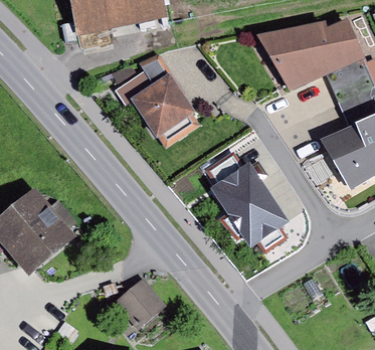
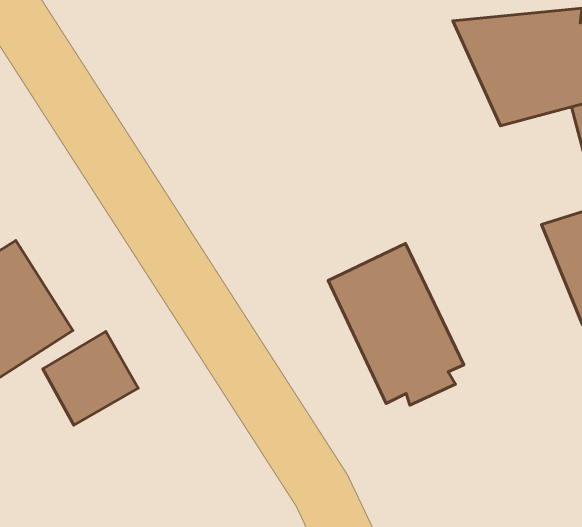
building: [127,73,189,136] -> none
building: [113,275,166,328] -> [43,332,138,425]

